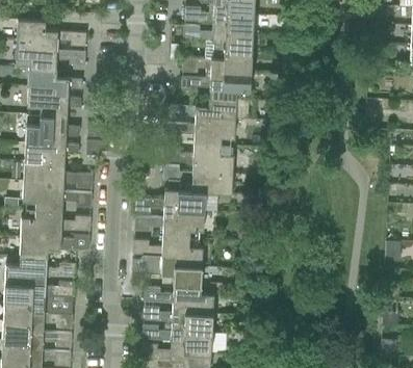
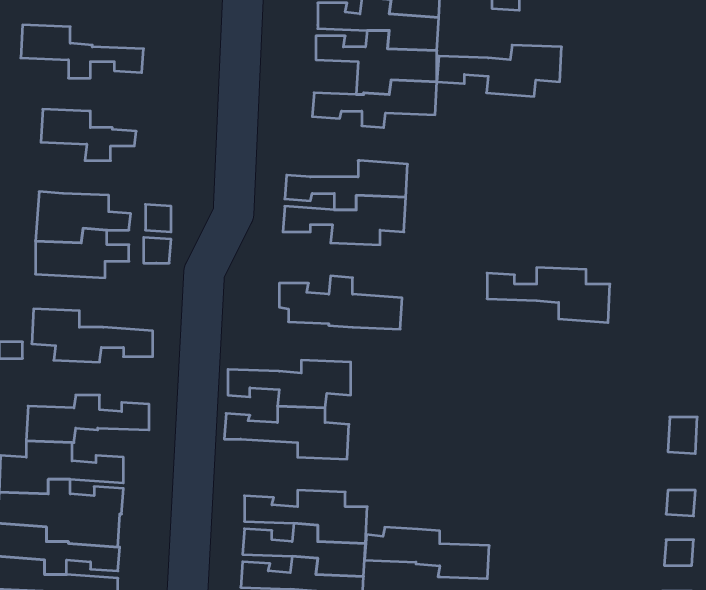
building: [16,40,85,70] -> none
building: [181,71,252,100] -> [437,45,562,96]
building: [27,87,81,117] -> none
building: [164,144,234,176] -> [487,268,610,323]
building: [24,162,93,192] -> none
building: [134,189,205,218] -> none
building: [21,211,91,238] -> none
building: [131,257,202,286] -> [365,527,489,579]

